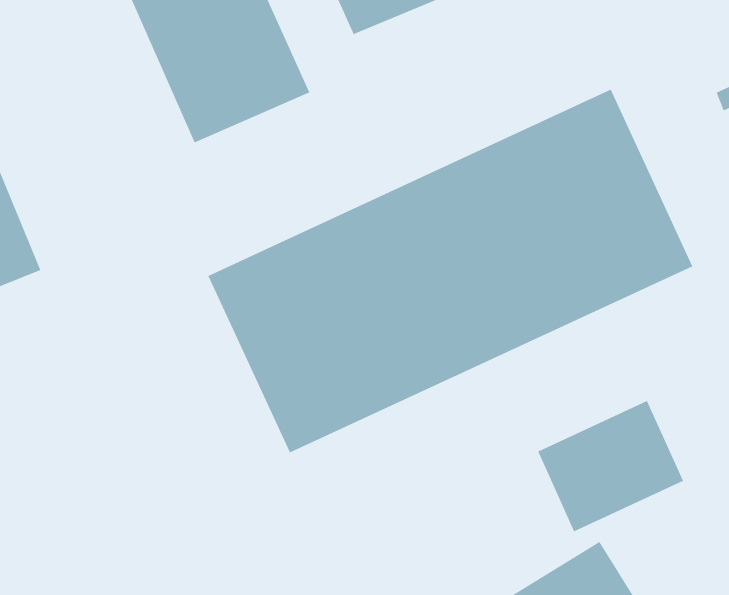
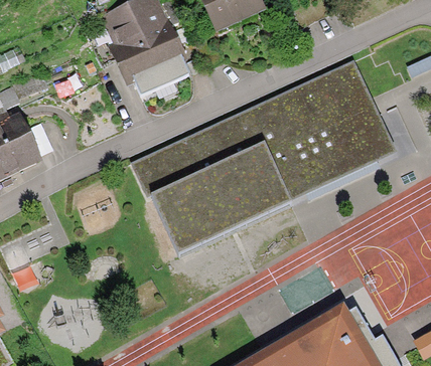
building: [537,400,684,532] -> none

